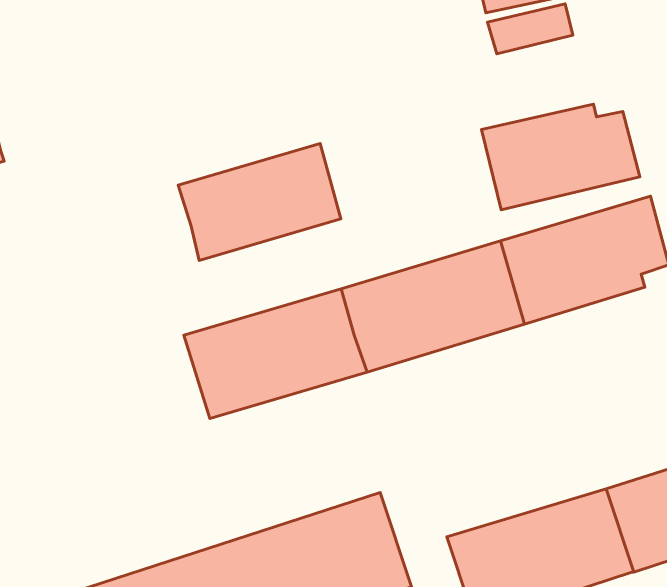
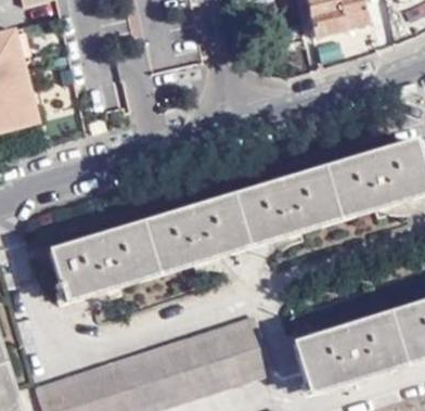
building: [482,104,640,210] -> none
building: [178,143,341,261] -> none
building: none -> [51,223,155,294]

